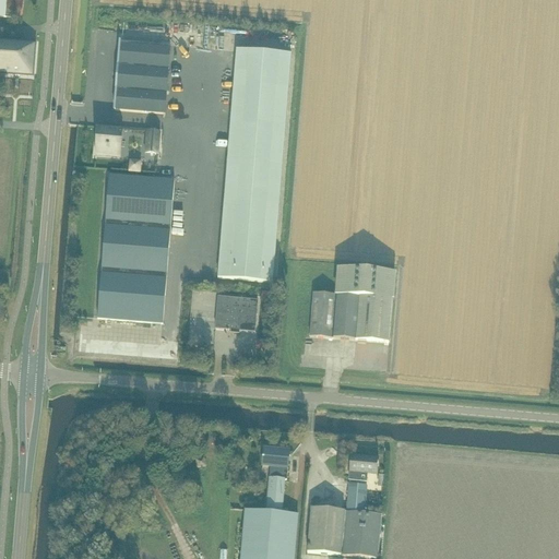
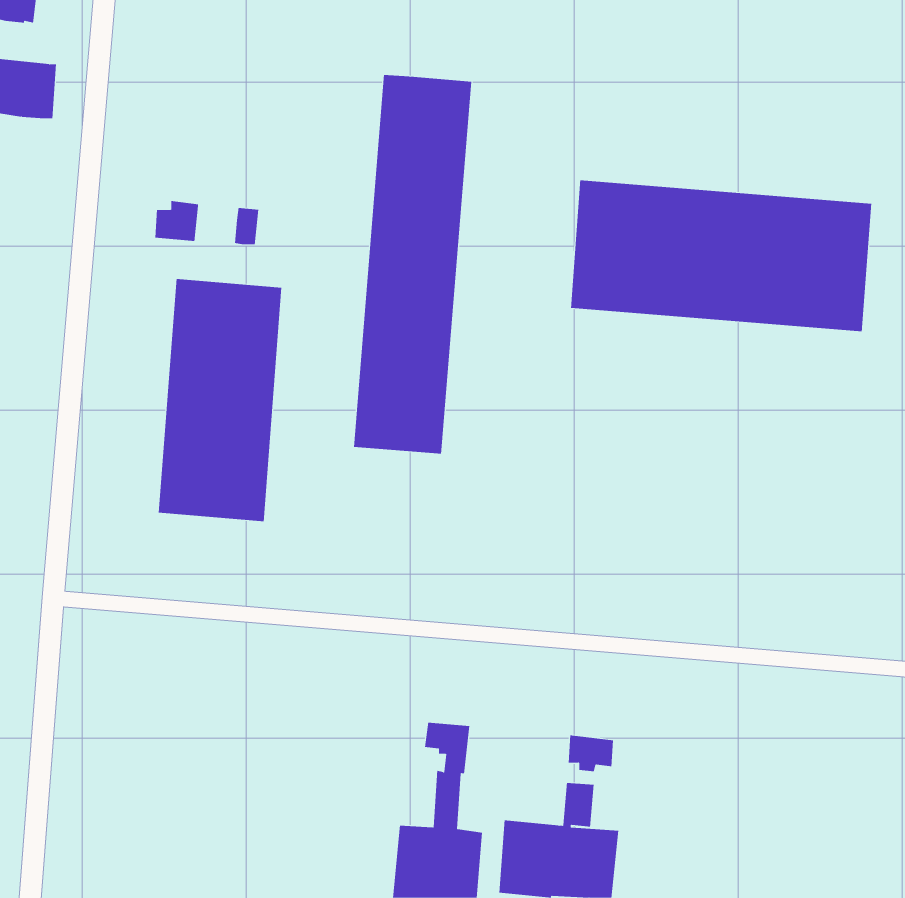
building: [114,38,169,110] -> none
building: none -> [570,179,872,332]
building: [310,265,394,342] -> none
building: [215,294,257,329] -> none

